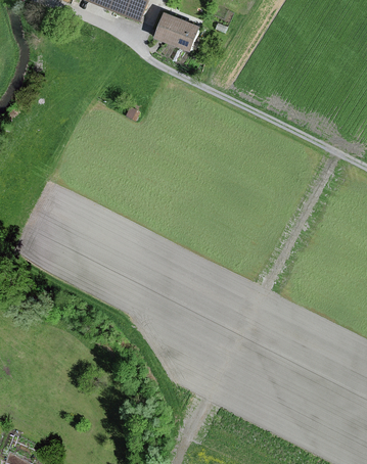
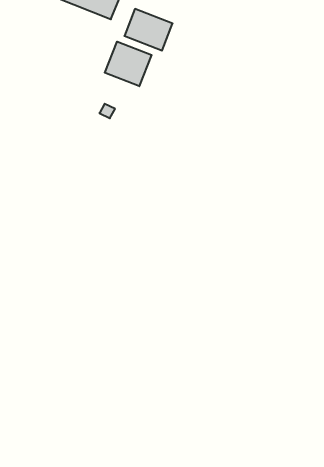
building: none -> [105,42,152,86]

